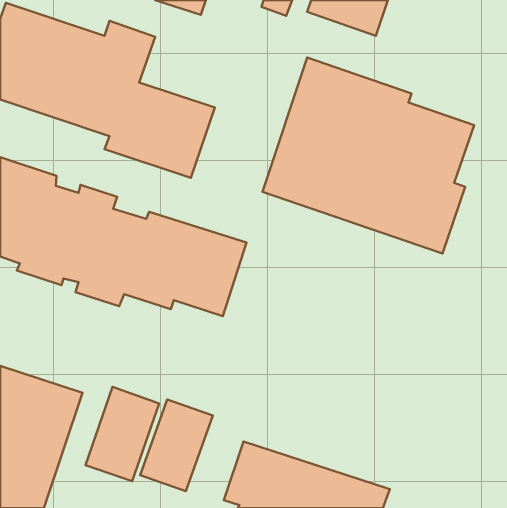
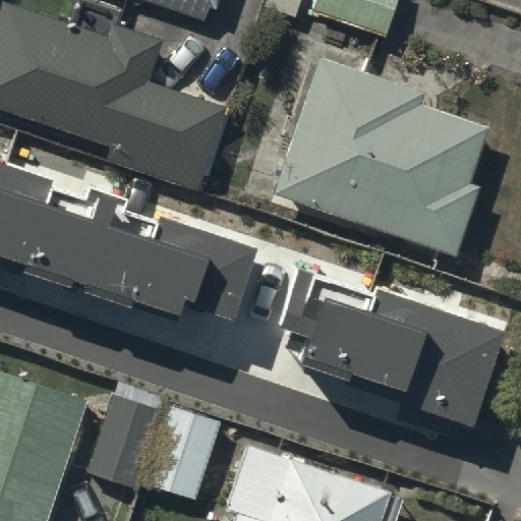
building: none -> [271,271,496,430]

